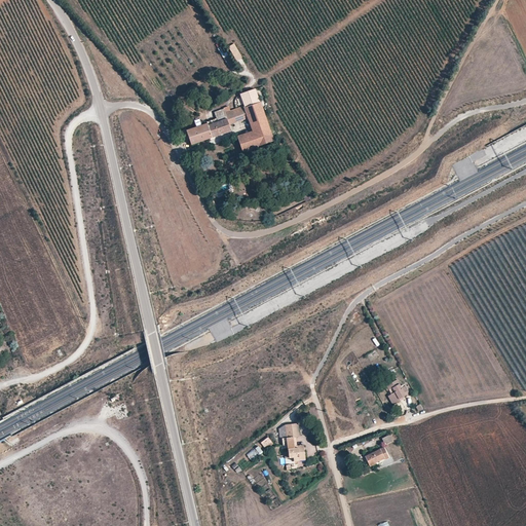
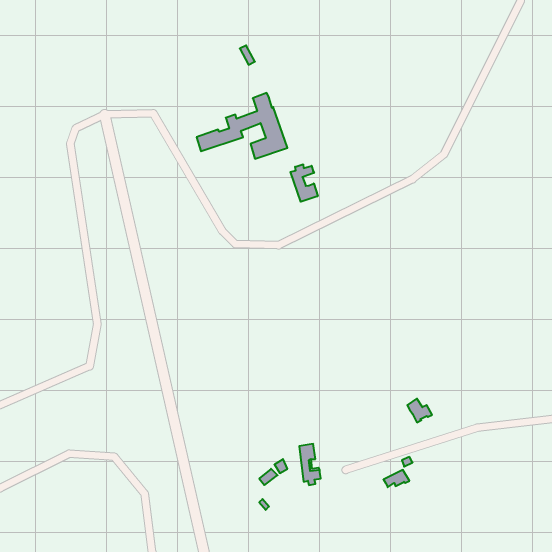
building: none -> [290,164,318,202]

